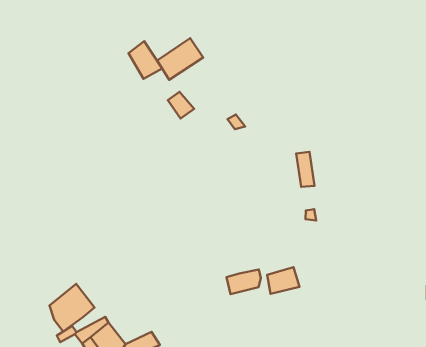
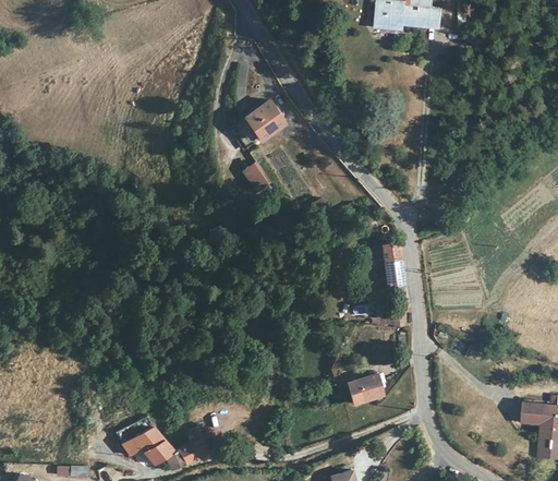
building: [128,41,162,79] -> none
building: [226,270,261,294] -> none
building: [49,284,95,332] -> none

